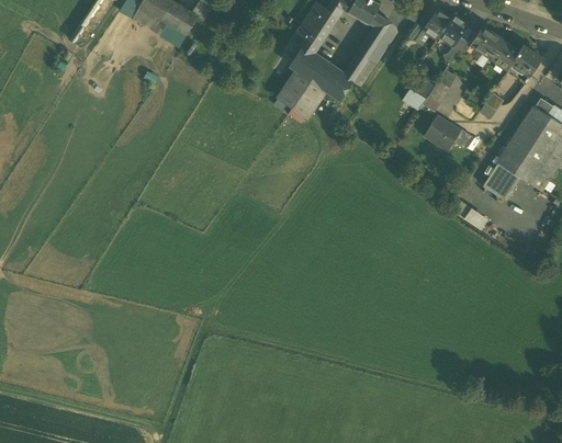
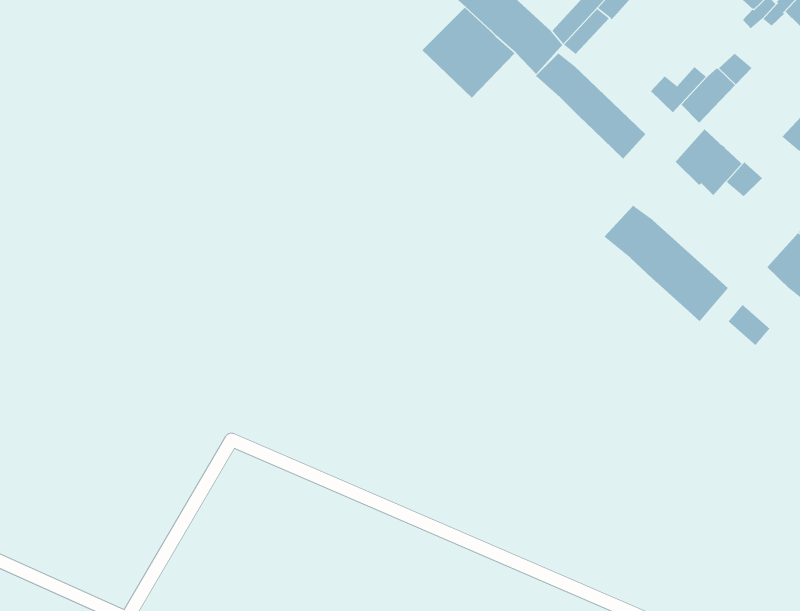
building: none -> [535,52,646,160]
building: none -> [604,205,729,322]

